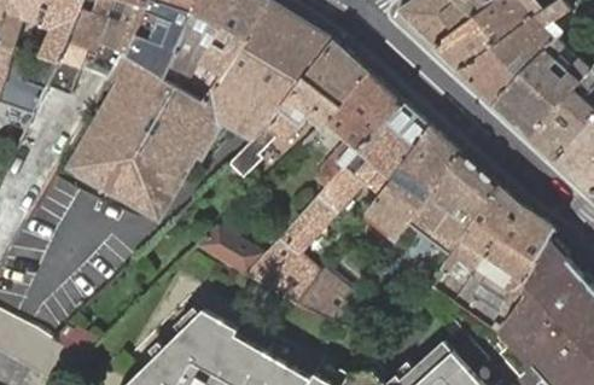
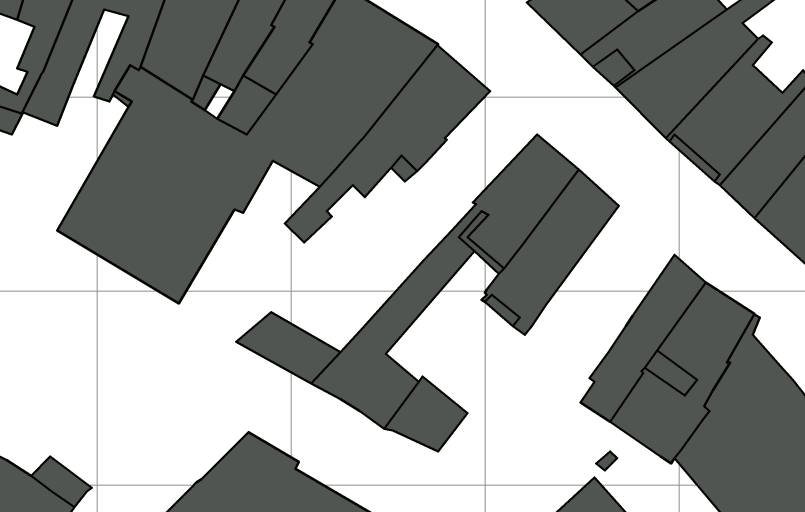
building: [311,72,402,189] -> none
building: [408,152,497,253] -> none

